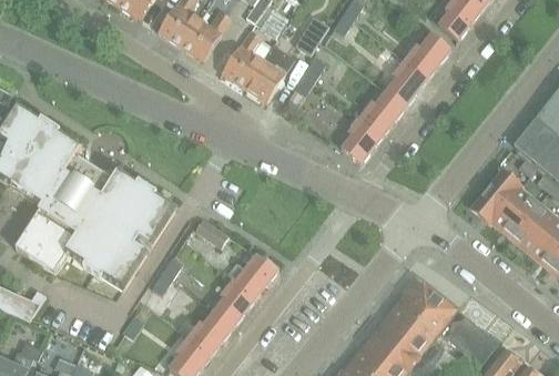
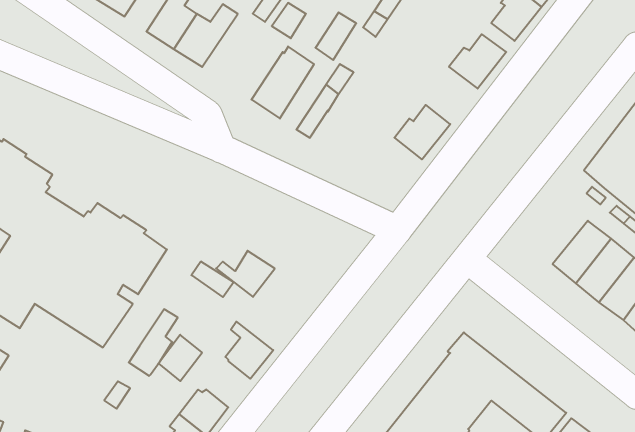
building: [221,28,268,87] -> none
building: [385,60,427,106] -> none
building: [341,118,382,163] -> none
building: [466,167,518,222] -> none
building: [231,253,278,291] -> [216,251,275,297]
building: [206,299,242,337] -> [158,335,202,381]

